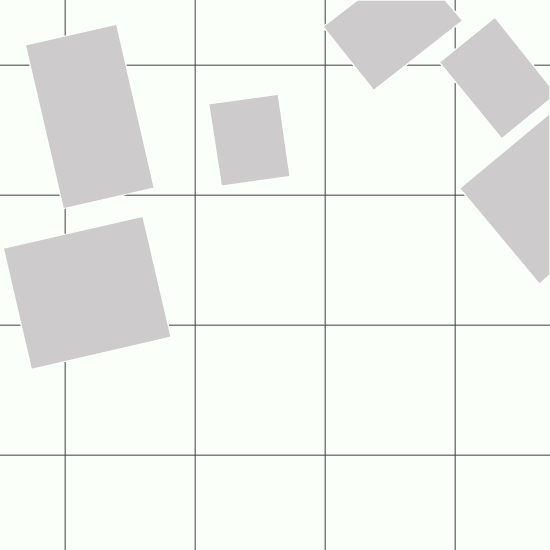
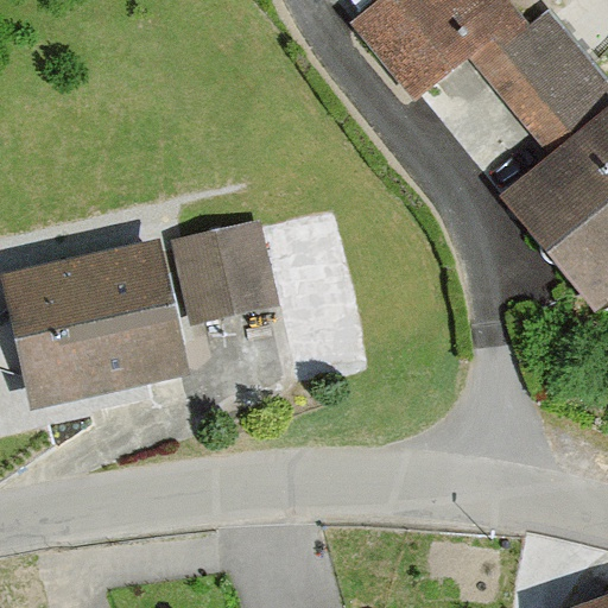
building: [26,24,154,209] -> none
building: [208,94,290,186] -> [190,214,280,315]

